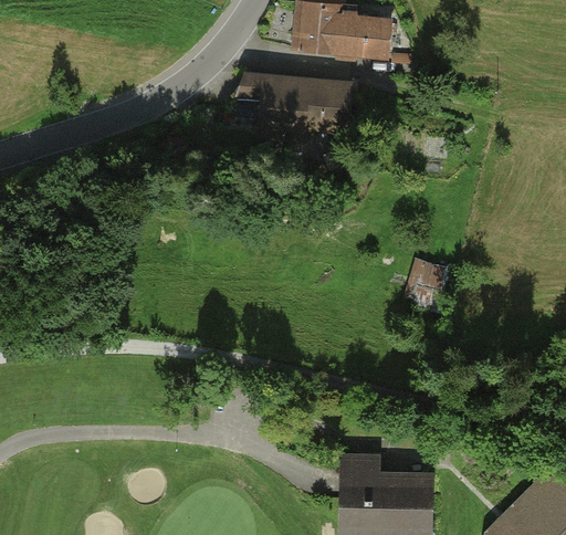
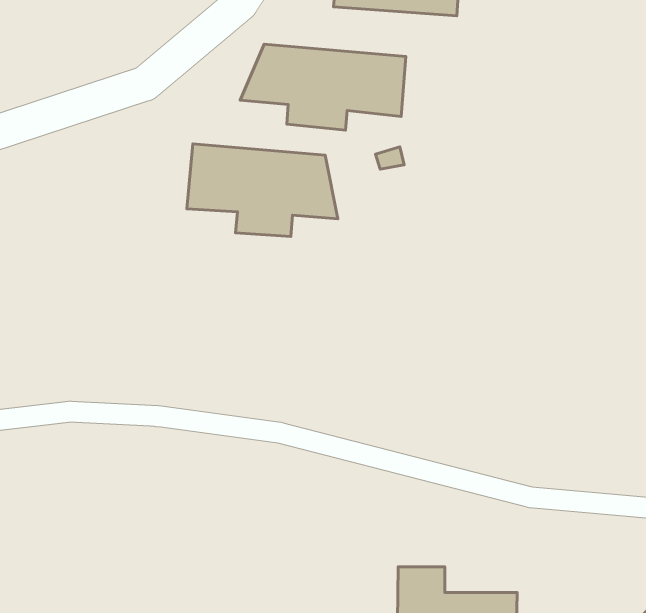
building: none -> [187,144,338,236]
building: [407,258,450,304] -> none

